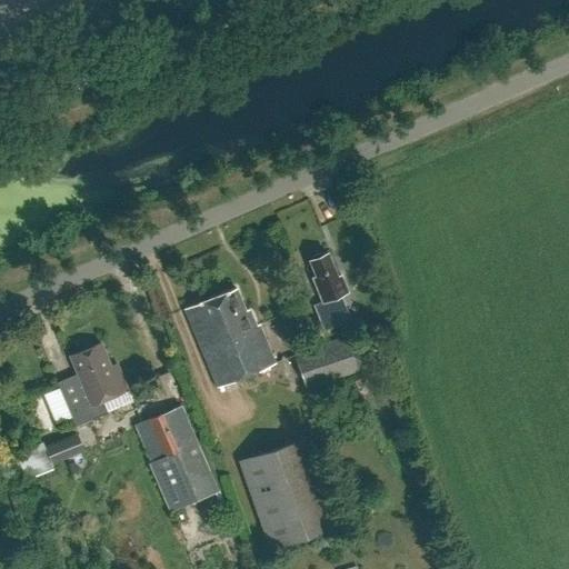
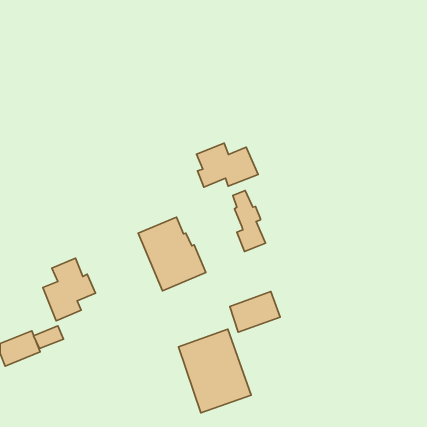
building: none -> [196,143,258,187]
building: [295,335,361,389] -> [230,291,280,332]
building: [137,405,219,511] -> none

